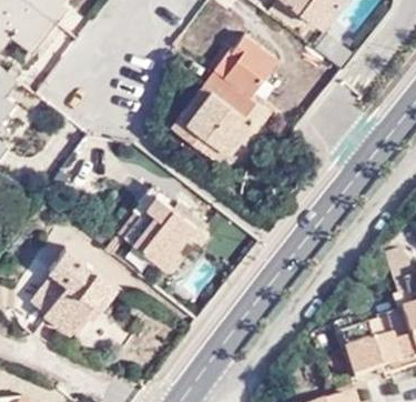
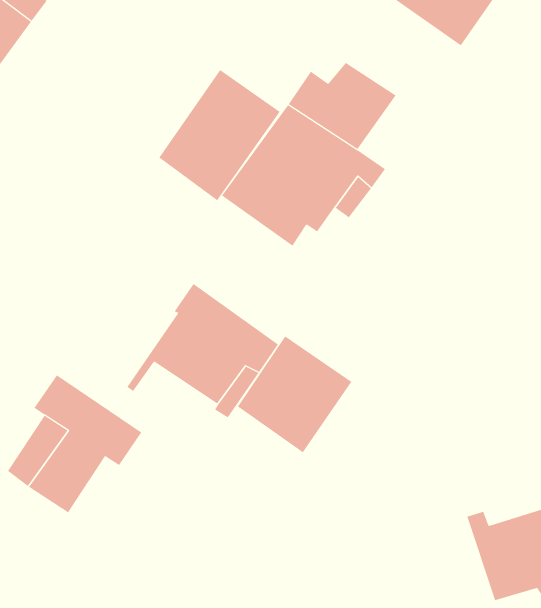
building: none -> [159,69,280,201]
building: none -> [237,335,352,453]

